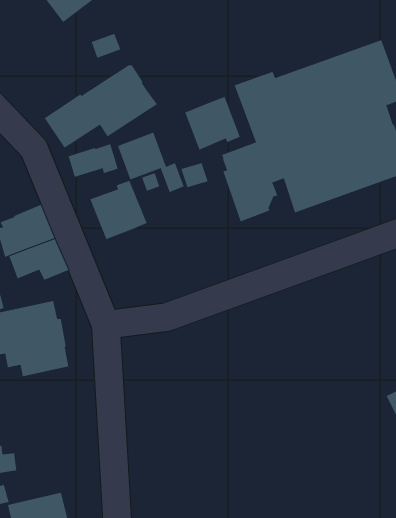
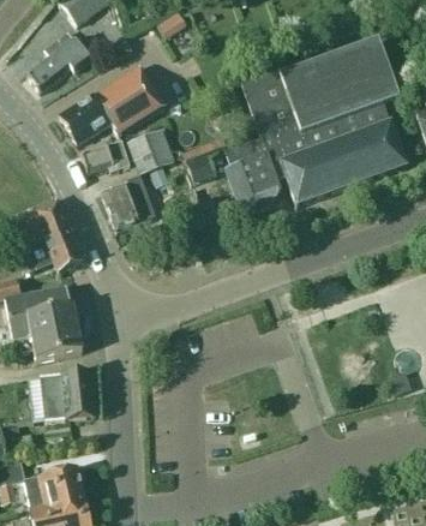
building: none -> [28,29,90,89]
building: [184,96,240,151] -> none
building: none -> [29,367,95,419]

